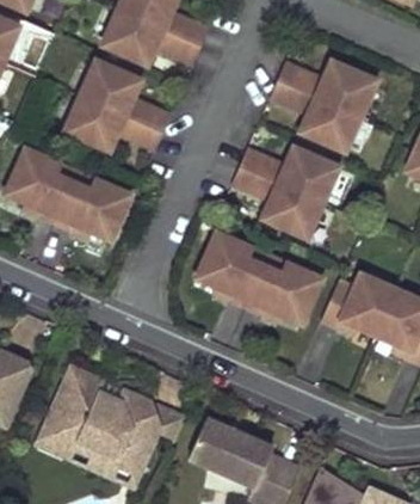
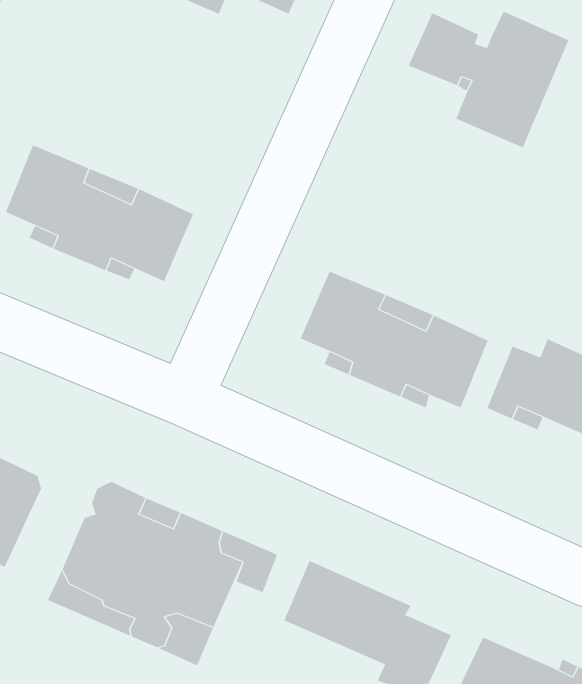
building: [64,61,169,150] -> none
building: [231,147,336,236] -> none

